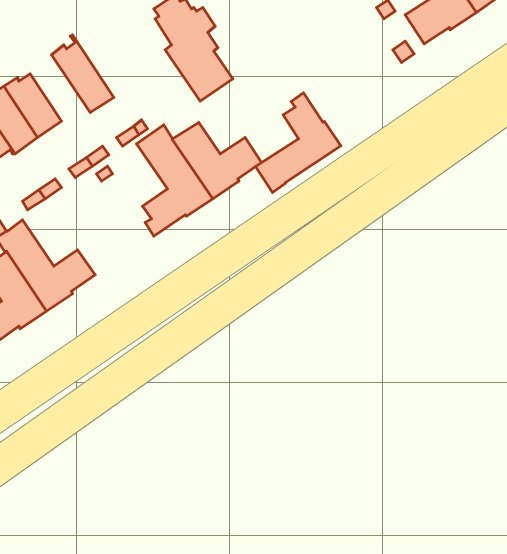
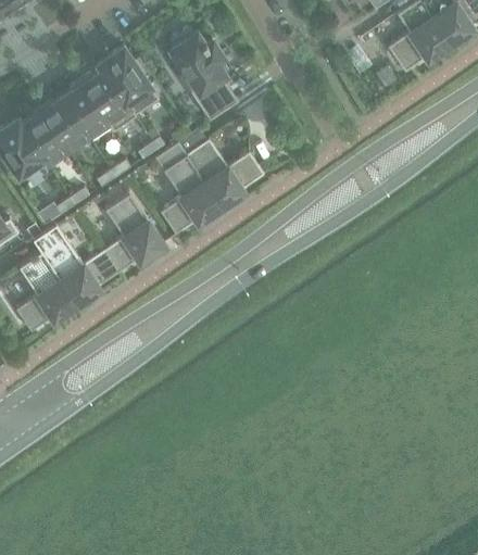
building: none -> [99,46,159,117]
building: none -> [62,80,114,138]
building: [256,93,341,192] -> none
building: none -> [103,192,169,272]

